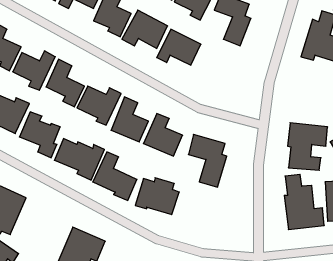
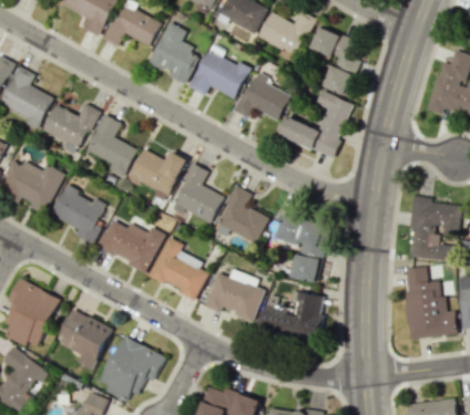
building: none -> [278,92,351,157]
building: none -> [260,292,325,341]
building: none -> [57,309,113,370]

